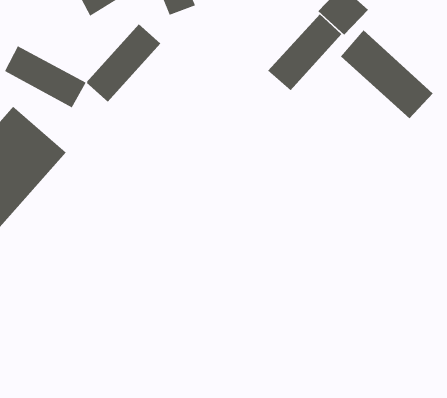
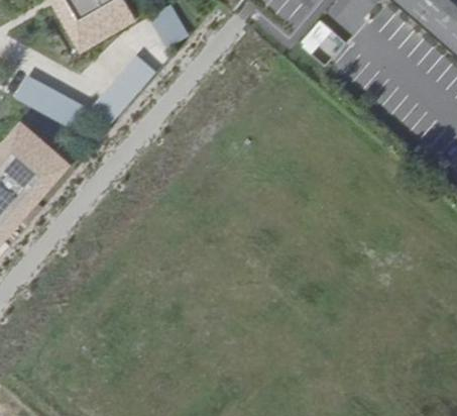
building: [267,13,342,91] -> none
building: [340,30,433,119] -> none

